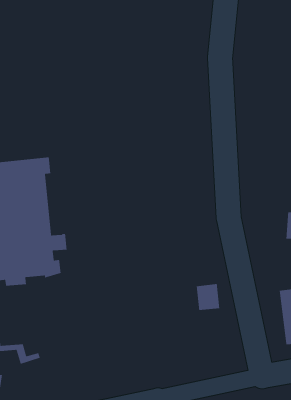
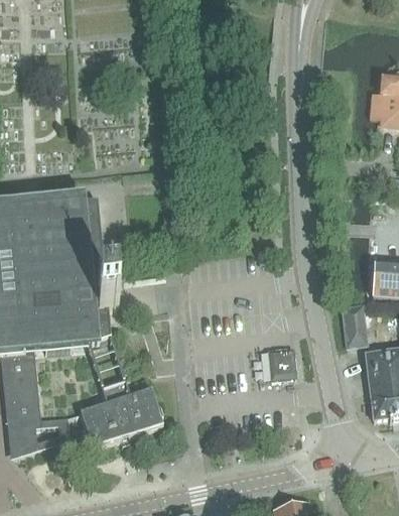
building: none -> [342,305,366,346]
building: none -> [79,380,161,448]

